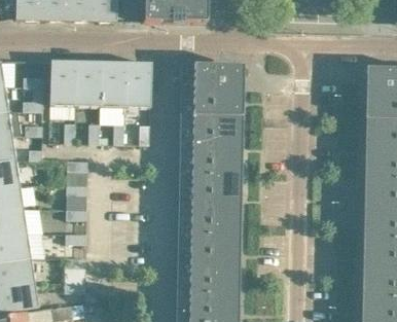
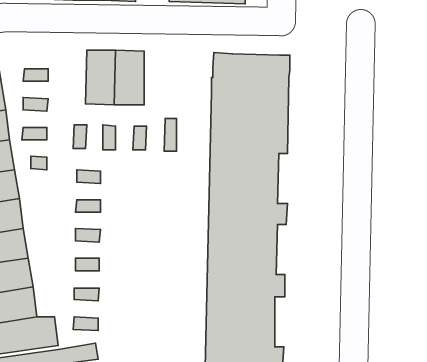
building: [50,62,76,106] -> none
building: [123,63,152,115] -> none

